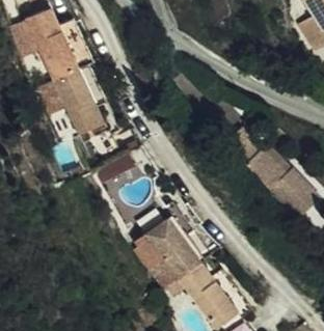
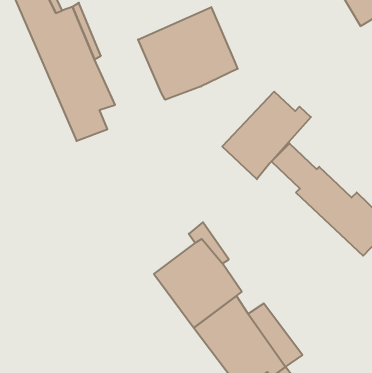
building: none -> [138,7,238,100]
building: none -> [222,92,311,179]

